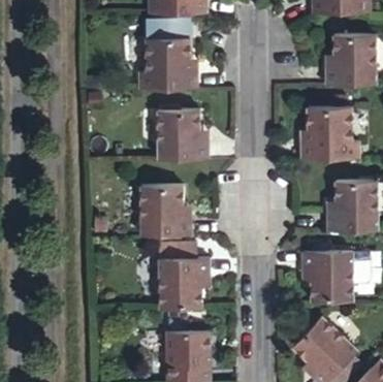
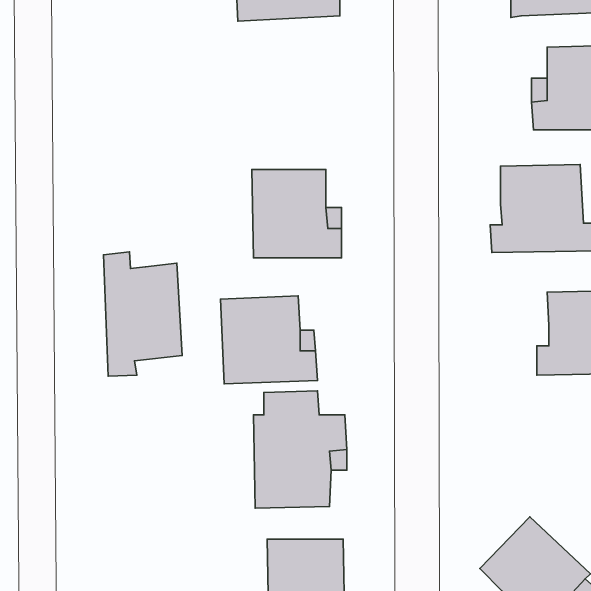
building: [136,36,200,89] -> none
building: none -> [103,252,182,376]
building: [300,252,352,299] -> none

